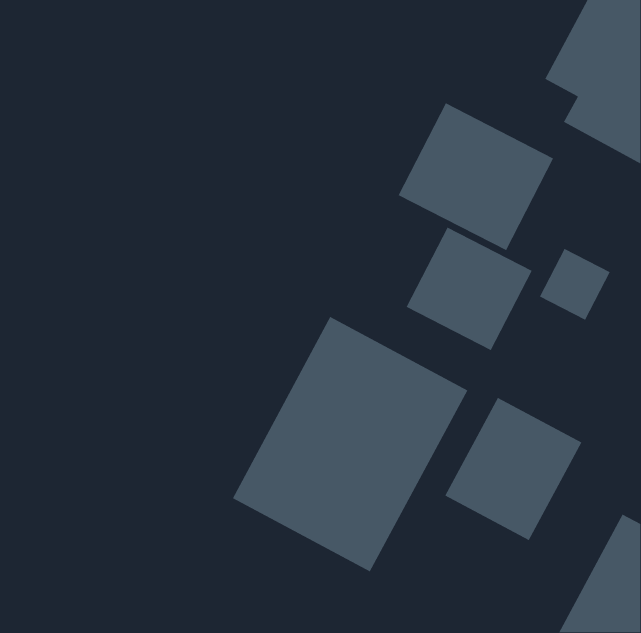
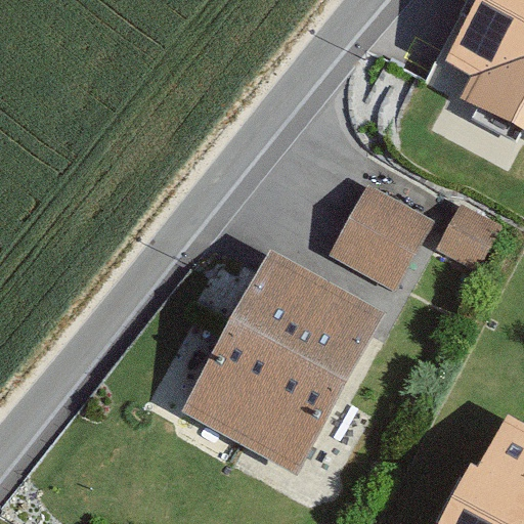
building: [398,102,554,251] -> none
building: [444,397,582,541] -> none

